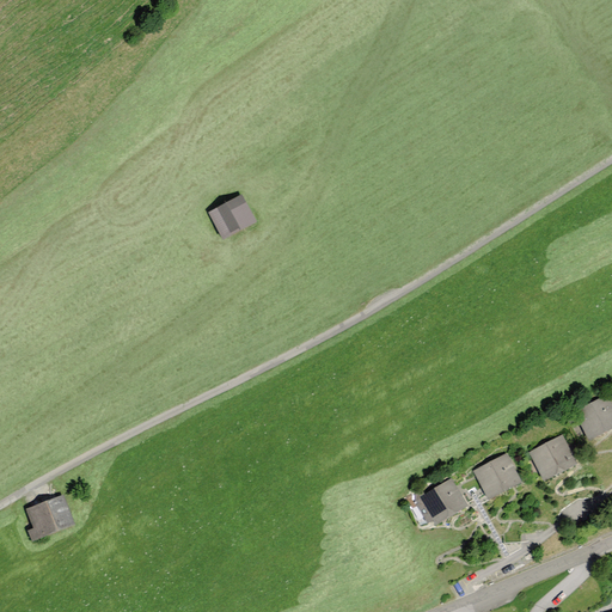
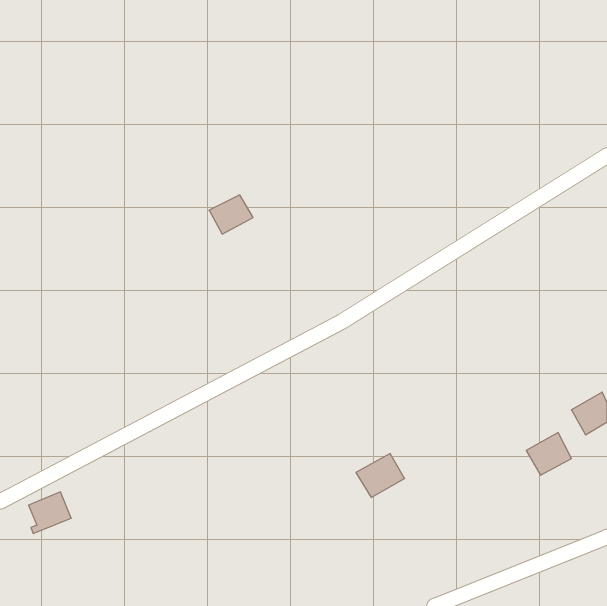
building: [475,454,520,496] -> none
building: [416,479,465,524] -> [356,454,405,497]

